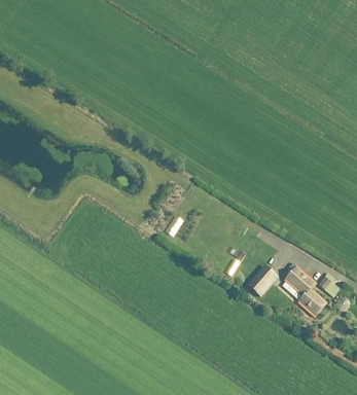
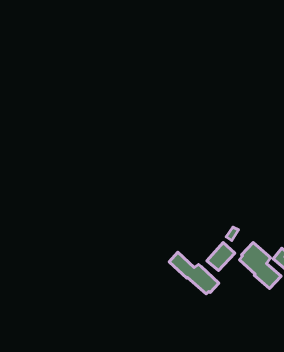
building: none -> [169,252,219,294]

